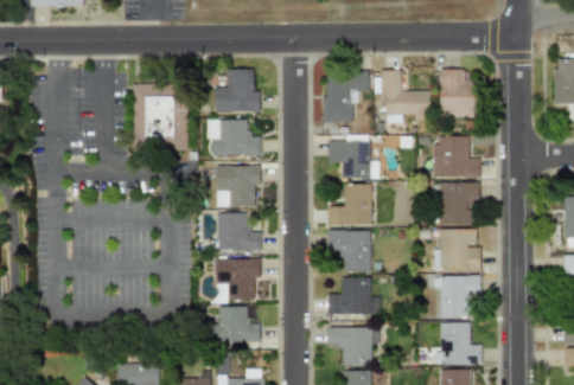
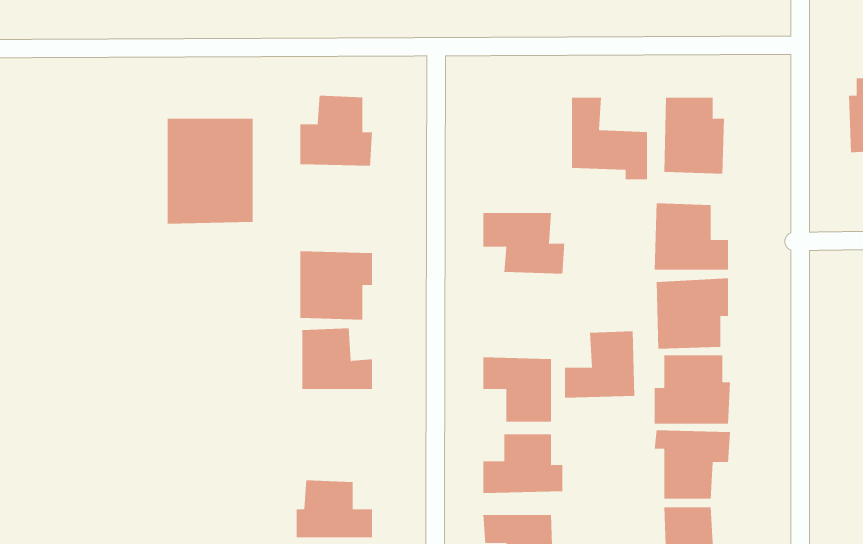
building: [325,72,370,122] -> none
building: [208,120,261,155] -> none
building: [329,184,372,225] -> [564,331,635,398]
building: [216,258,261,300] -> none

